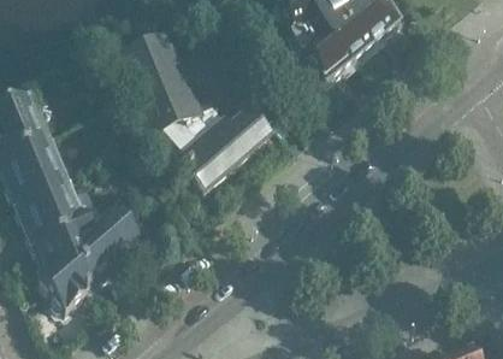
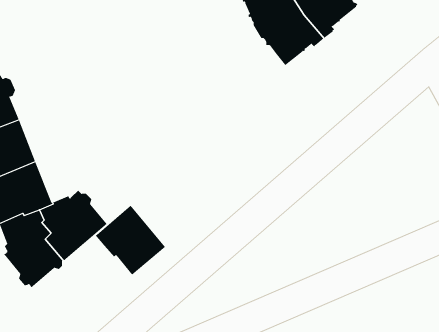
building: [118,29,268,187] -> none
building: none -> [94,205,166,276]

